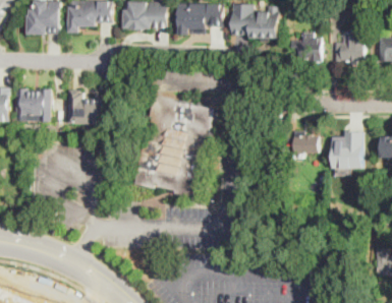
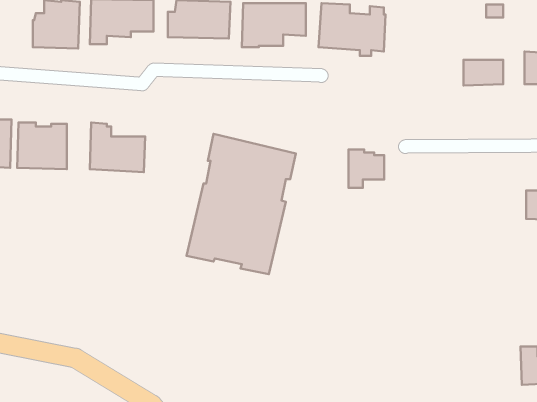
building: [289,33,320,67] -> none
building: [331,129,360,168] -> none
building: [292,132,318,160] -> [349,150,384,188]

